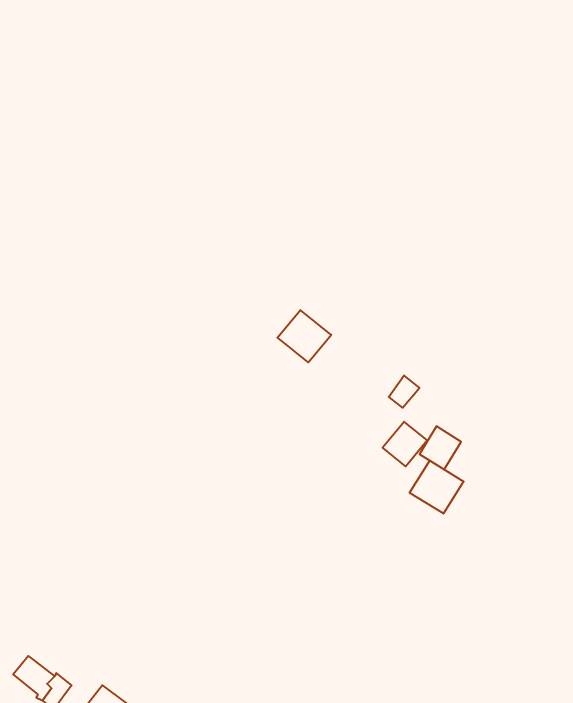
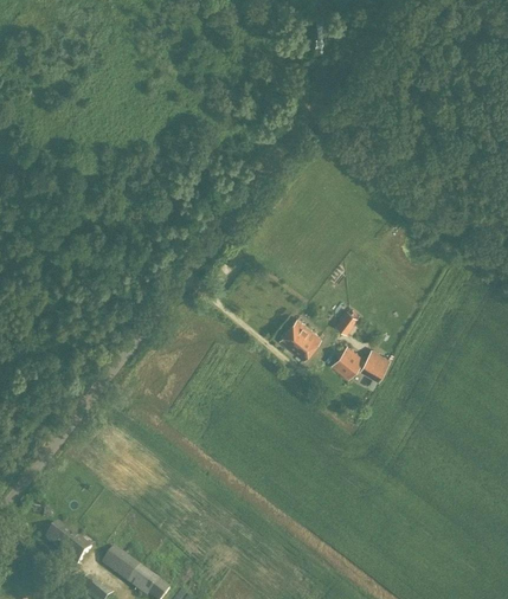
building: [277,310,331,362] -> [281,318,322,359]
building: [410,461,464,514] -> none

